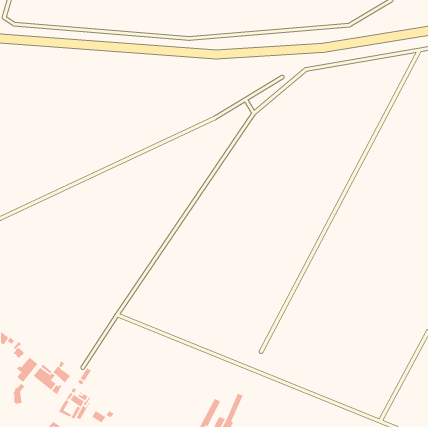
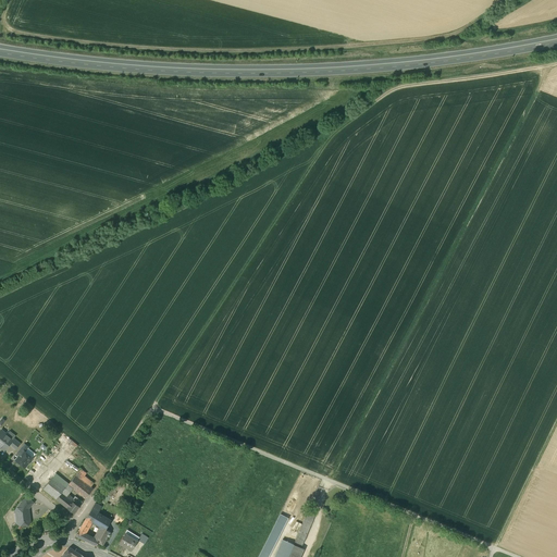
building: [16,357,38,383] -> none

